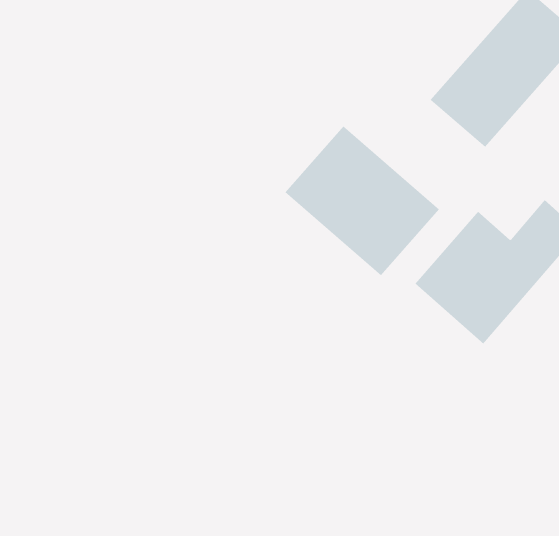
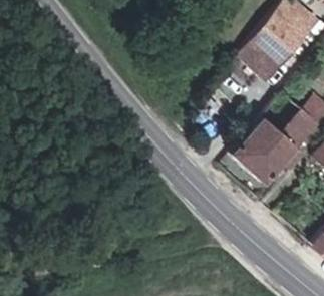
building: [285,125,440,276] -> none

